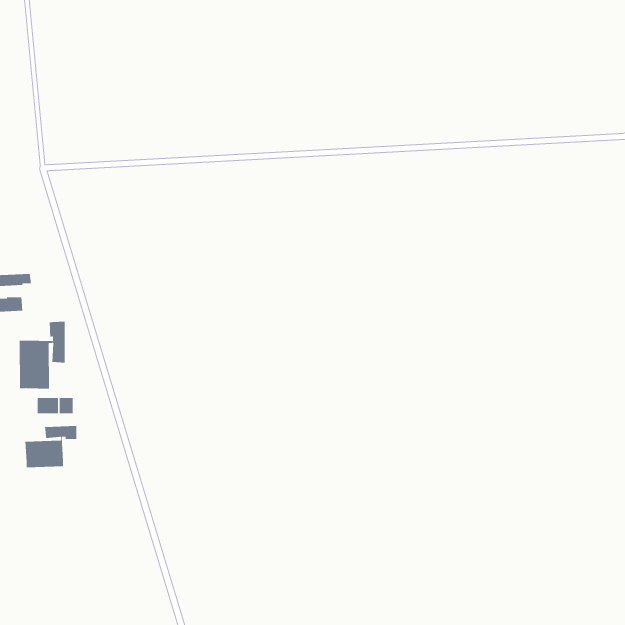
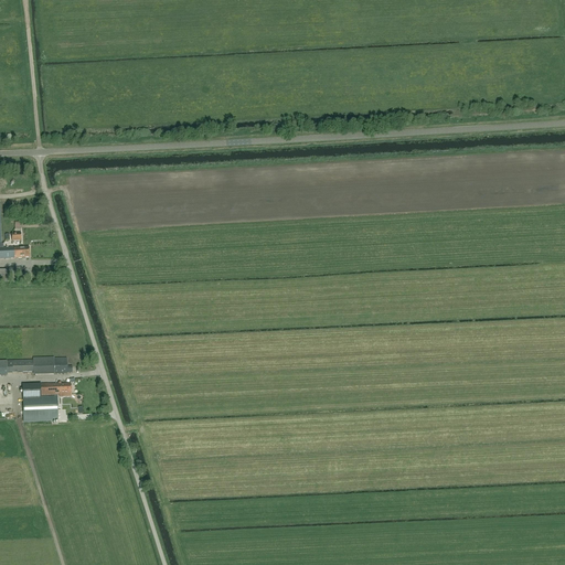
building: [19,321,66,389] -> none

